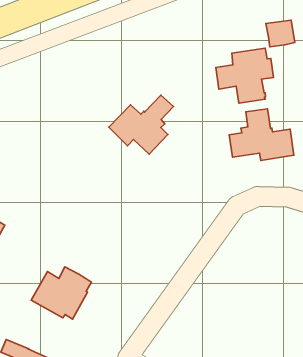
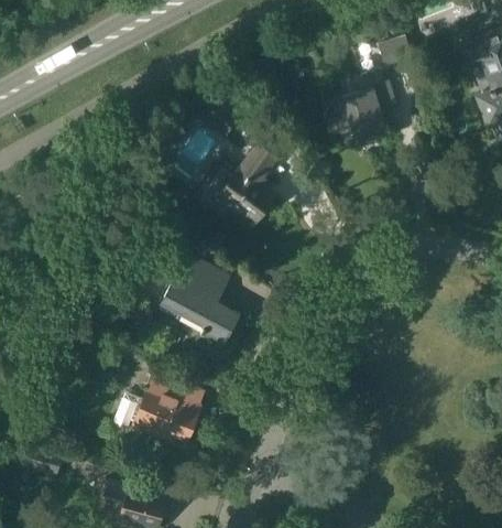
building: [229,109,294,160] -> none
building: none -> [161,255,241,344]

